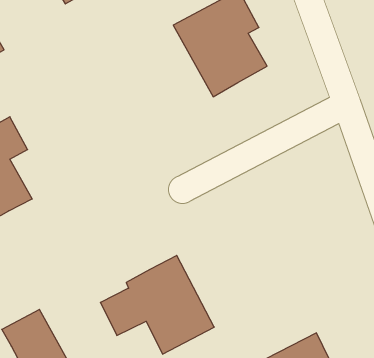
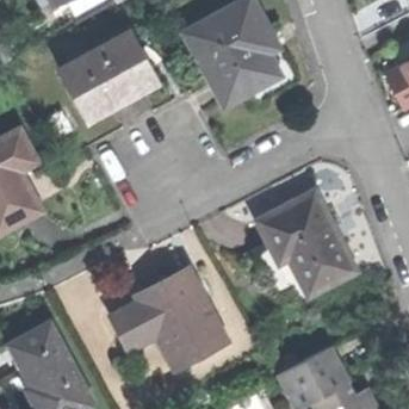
building: none -> [58,30,159,114]
building: none -> [258,191,357,296]

